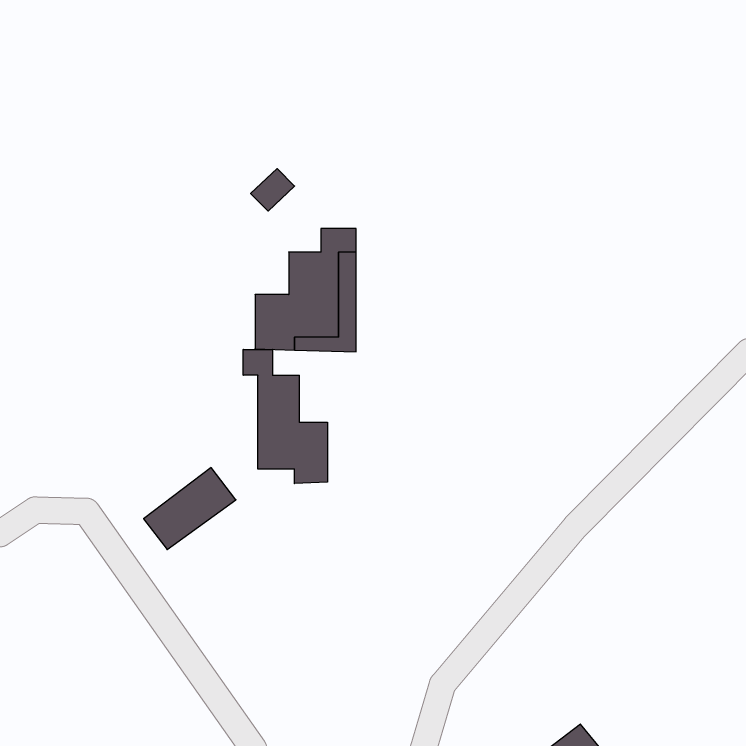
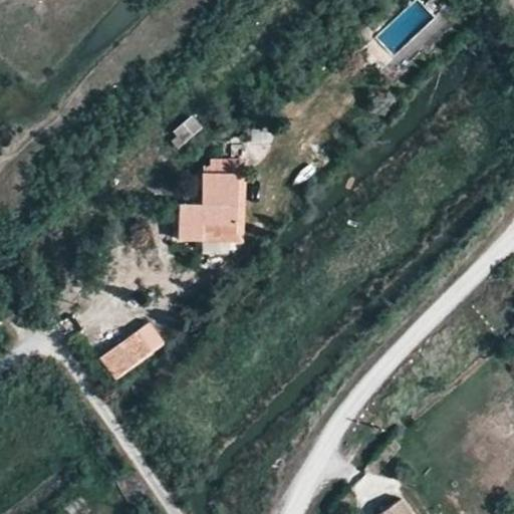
building: [243,349,327,484] -> none

